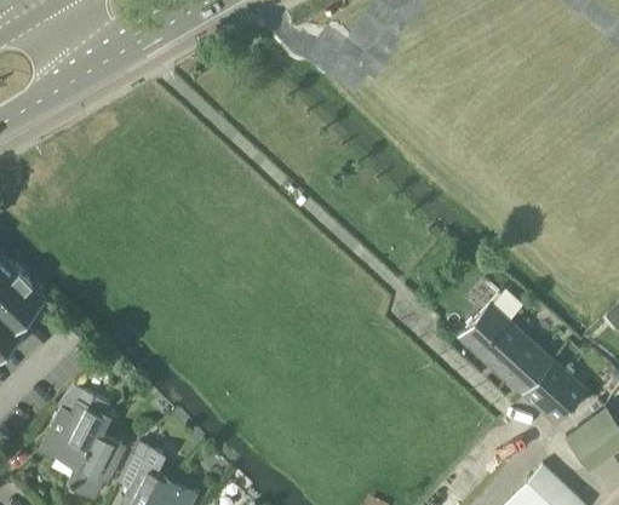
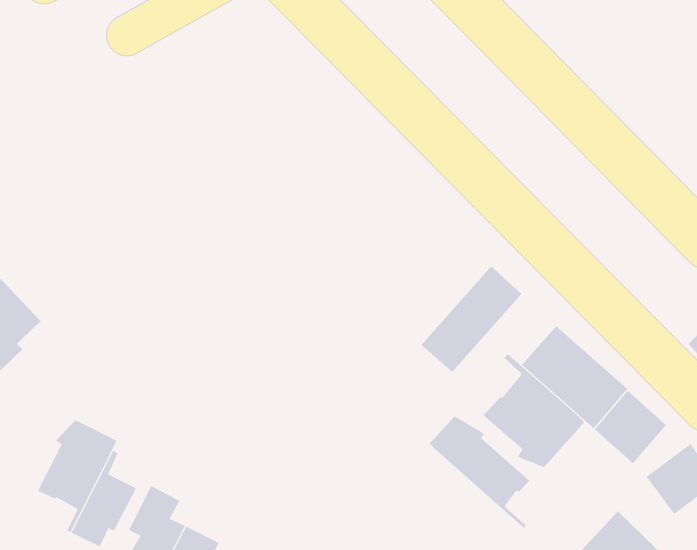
building: none -> [421,266,523,373]
building: none -> [482,353,585,468]
building: none -> [429,415,530,529]

